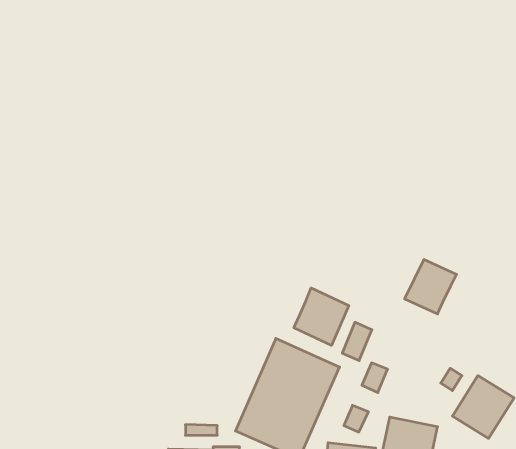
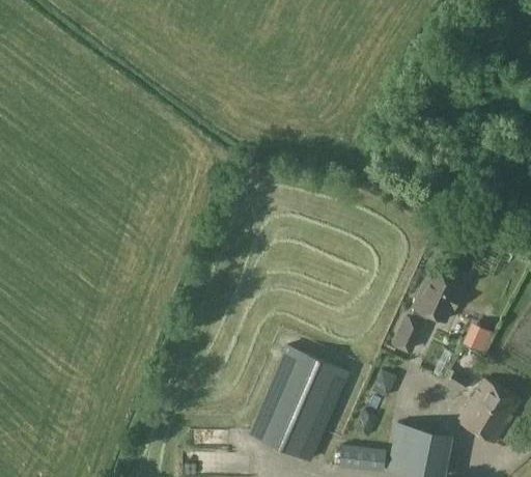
building: [294,288,349,345] -> none
building: none -> [462,322,493,353]
building: [342,322,372,361] -> [395,317,424,355]

